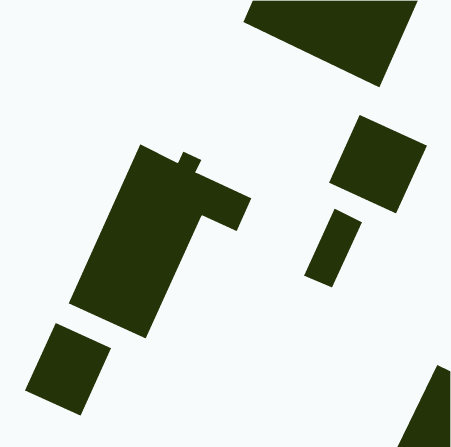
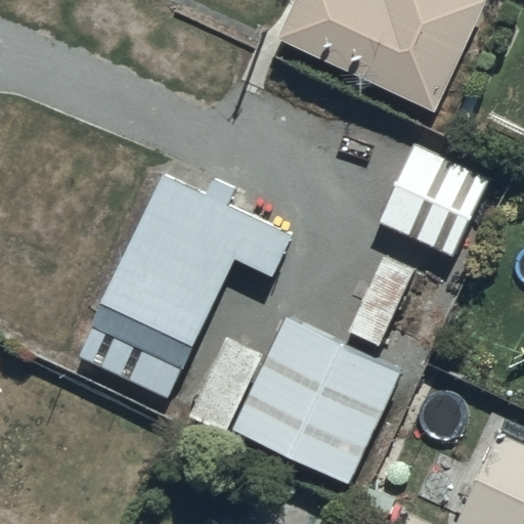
building: none -> [188,309,402,485]
building: [24,322,112,416] -> none

